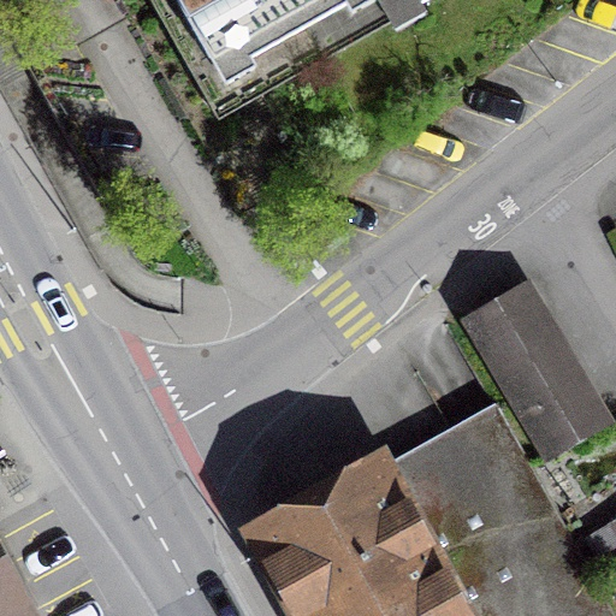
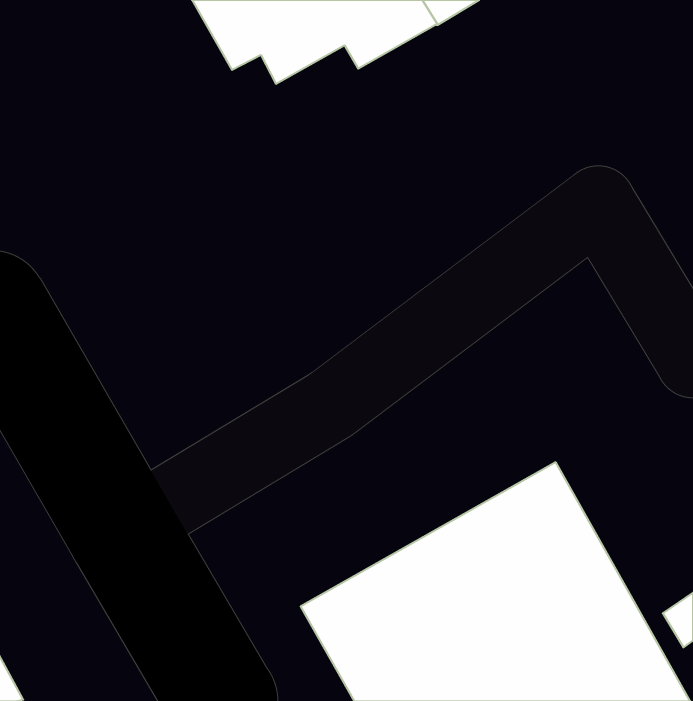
building: [461,286,596,454] -> none

